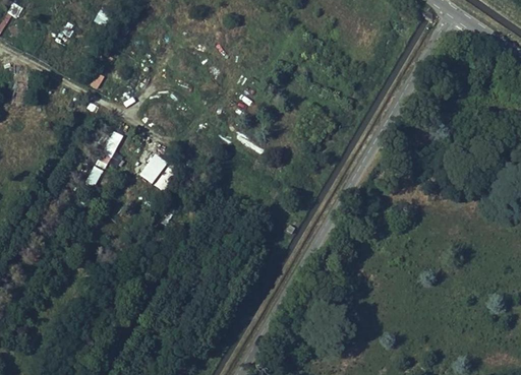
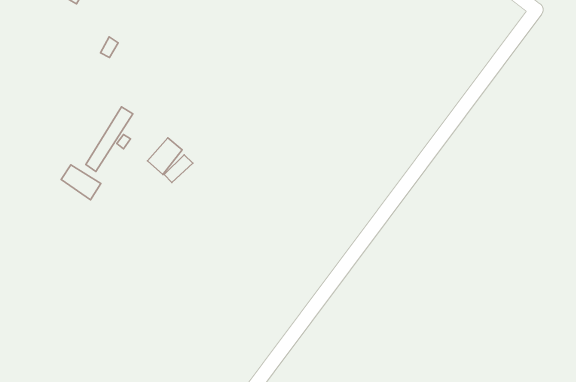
building: none -> [61,165,101,200]

